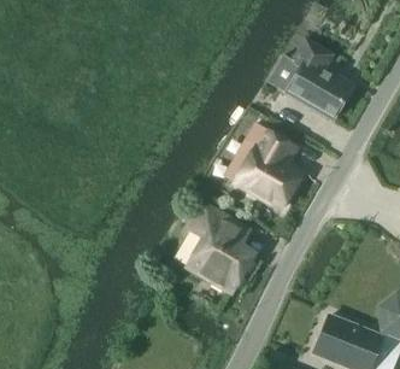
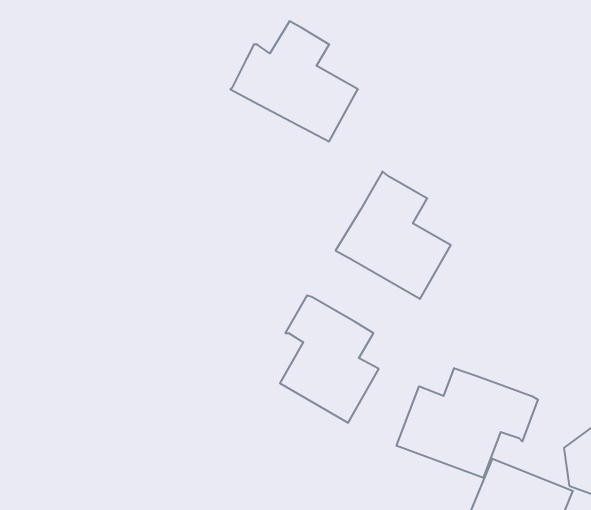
building: [267,37,353,118] -> [230,21,358,141]
building: none -> [397,368,538,478]

